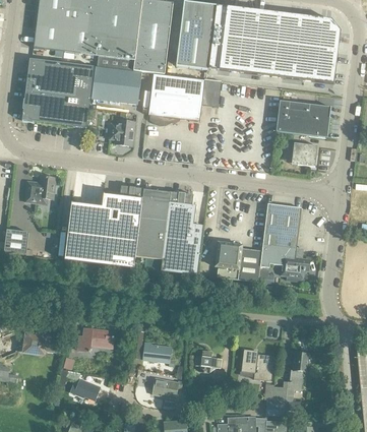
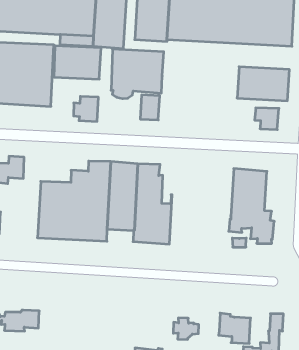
building: [200,79,222,106] -> [140,95,160,120]
building: [215,241,260,281] -> none
building: [76,327,113,350] -> none
building: [141,341,173,366] -> none

